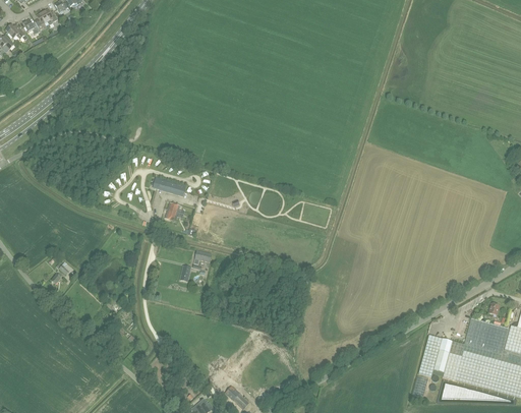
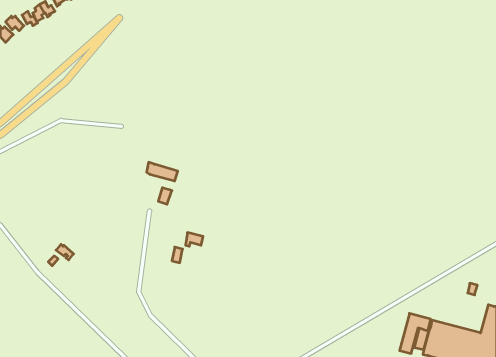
building: [464,318,509,354] -> none

